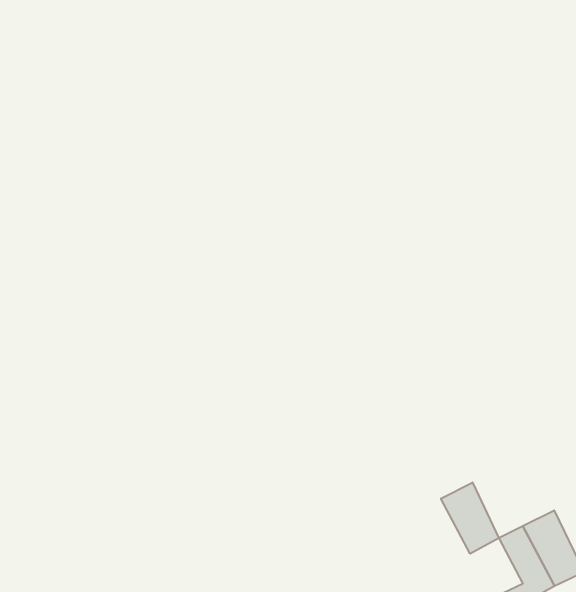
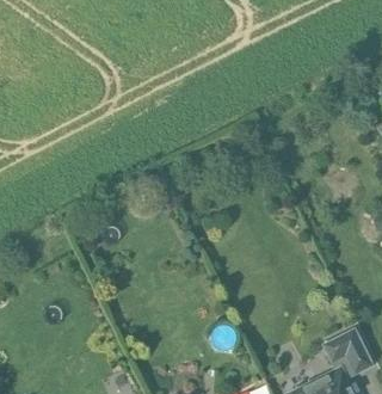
building: [441,482,499,554] -> none

